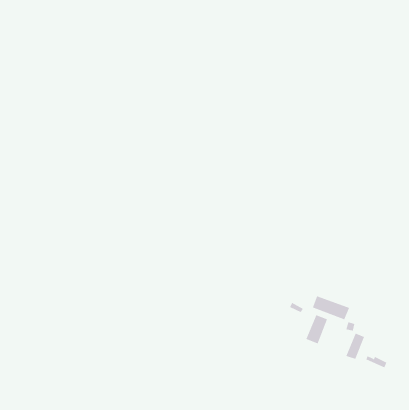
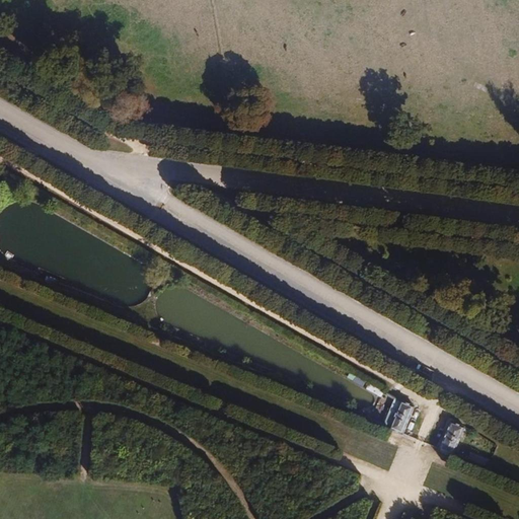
building: [312,296,350,320] -> none

